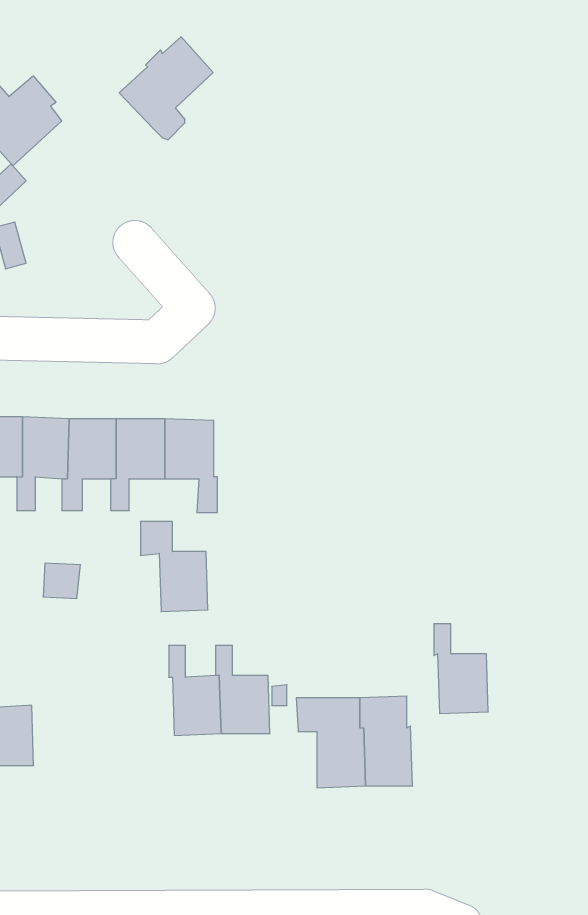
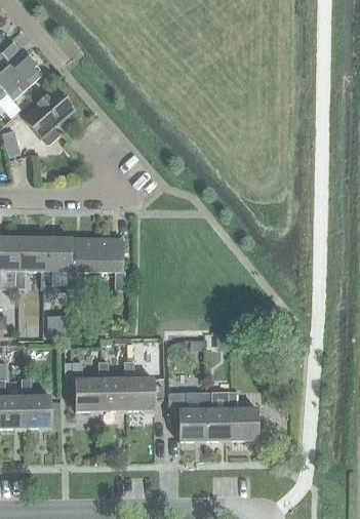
building: [119,37,213,140] -> [23,87,74,144]
building: [140,522,208,612] -> [64,363,101,412]
building: [434,624,488,714] -> [228,390,257,439]
building: none -> [19,378,49,428]

